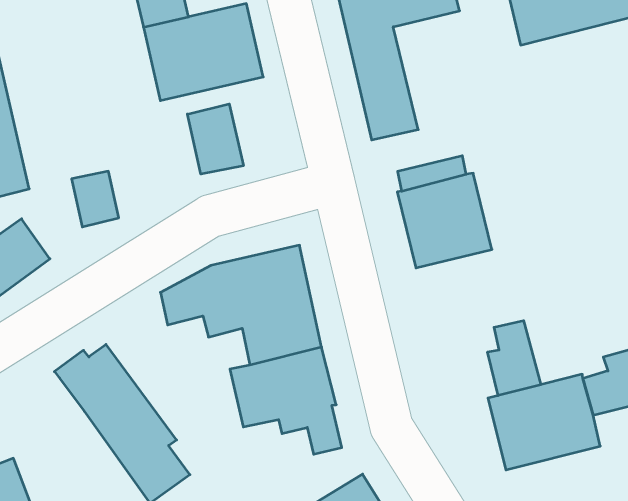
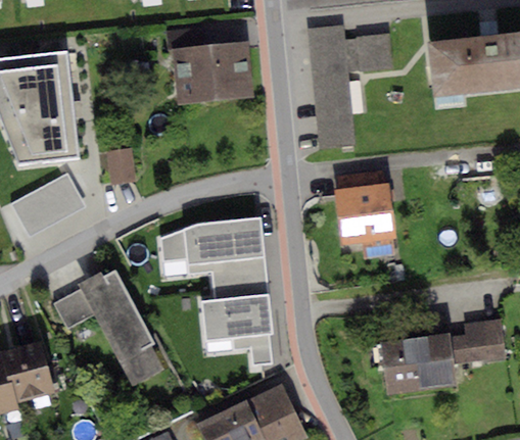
building: [187,104,243,174] -> none
building: [488,321,541,396] -> none
building: none -> [53,289,94,329]

